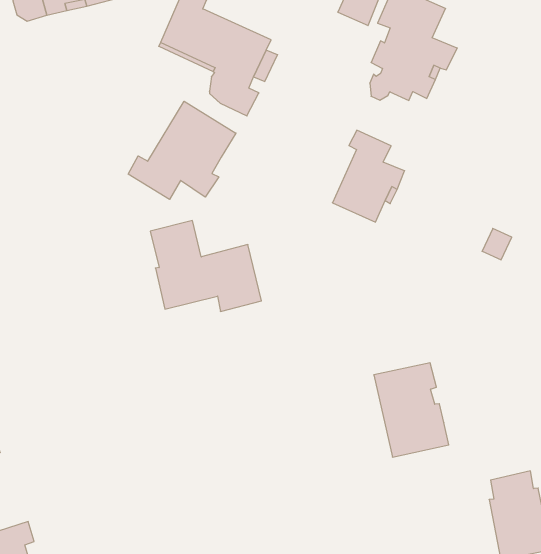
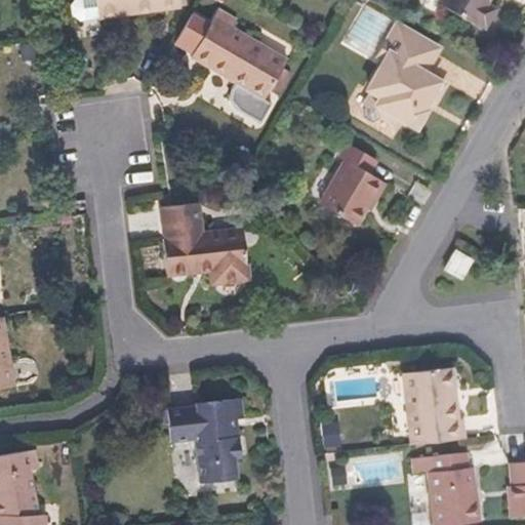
building: [128,101,236,199] -> none
building: [374,363,449,457] -> [403,367,460,444]
building: none -> [165,399,241,482]

